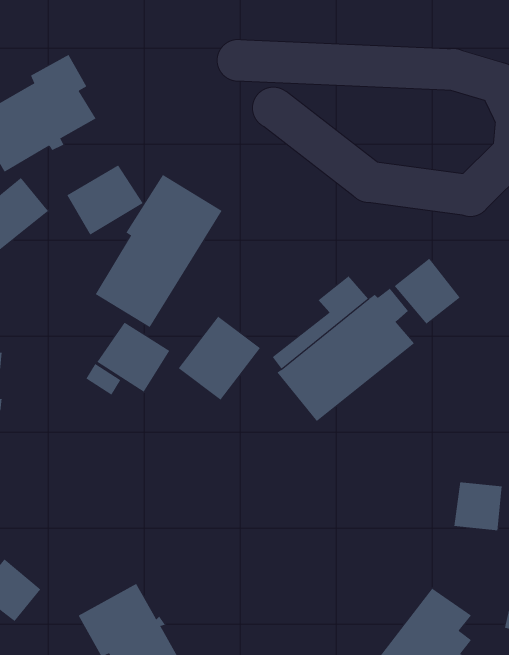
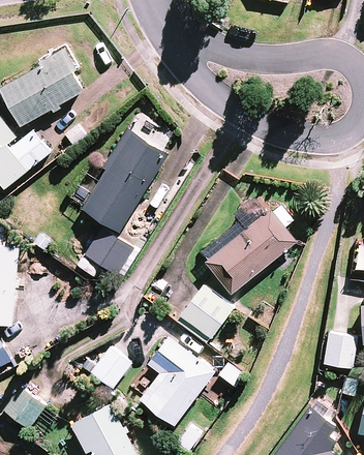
building: [67,165,143,235] -> none
building: [394,258,461,325] -> none
building: [178,316,261,400] -> [176,286,232,343]
building: none -> [139,336,216,426]
building: none -> [90,346,132,389]

